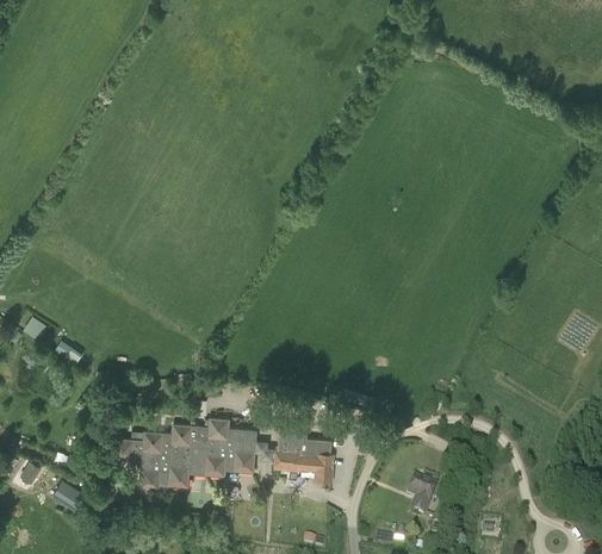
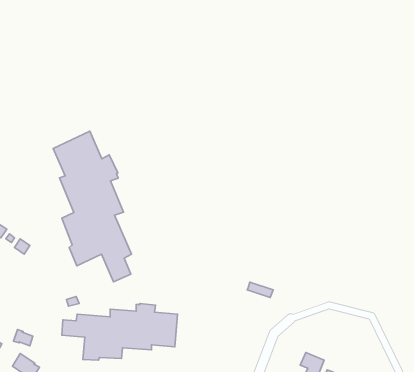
building: none -> [53,131,132,282]
building: [274,423,334,483] -> none

